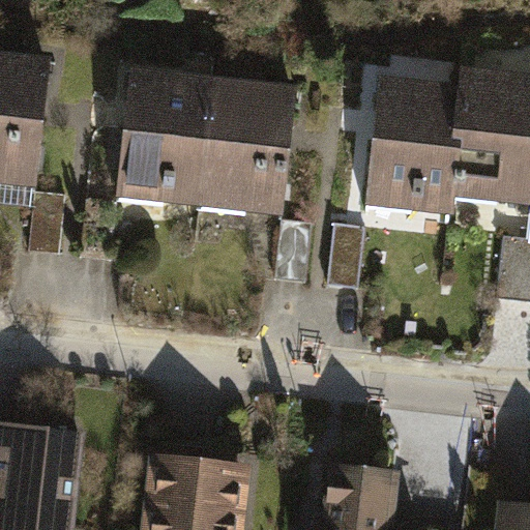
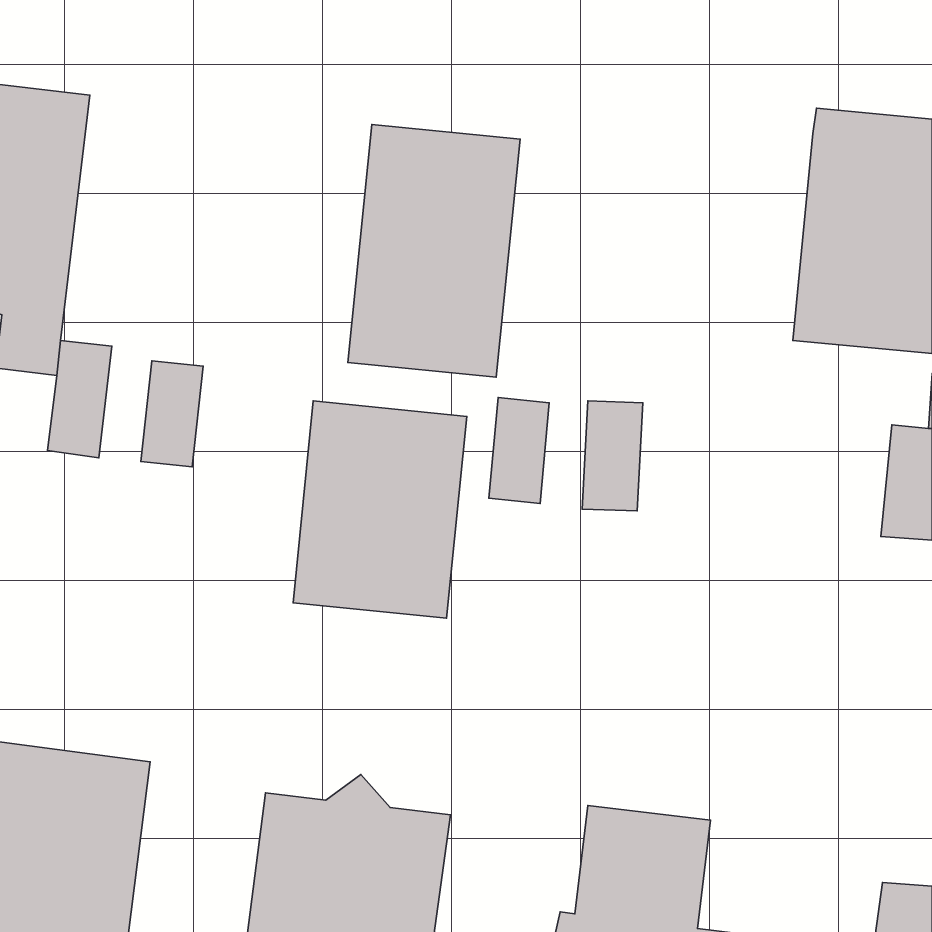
building: [116,64,210,207] -> none
building: [367,70,460,216] -> none
building: none -> [293,401,467,618]

